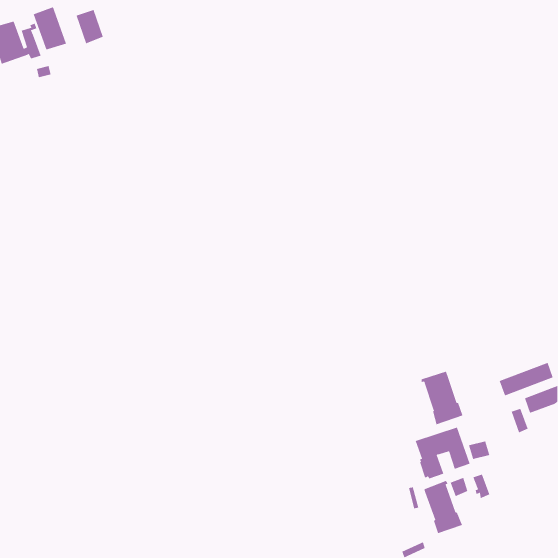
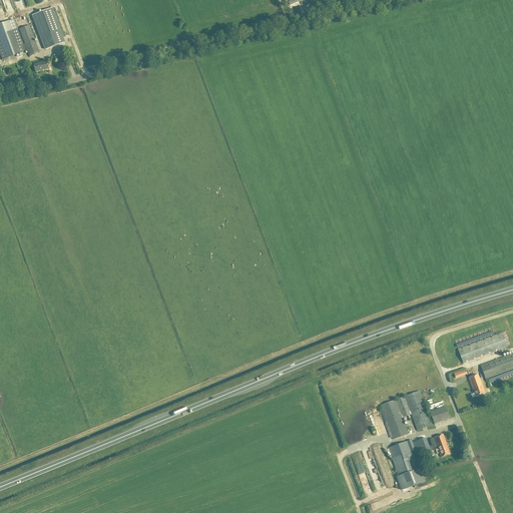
building: [76,9,104,44] -> none
building: [421,371,463,425] -> none

